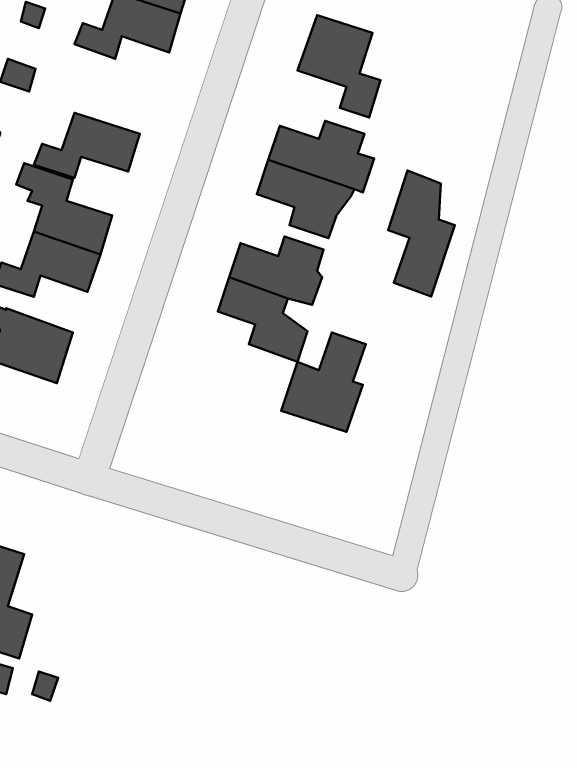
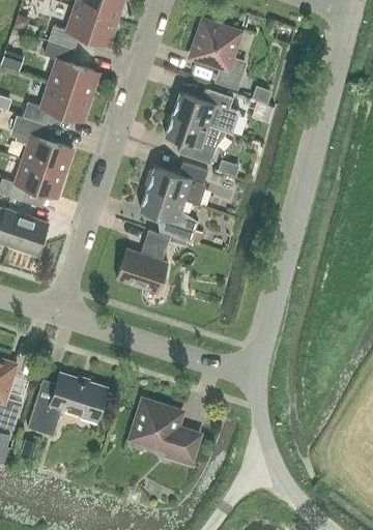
building: none -> [44,41,98,97]
building: [388,171,455,296] -> none
building: [281,333,366,432] -> [116,230,170,293]
building: none -> [27,373,107,436]
building: none -> [131,400,200,464]

